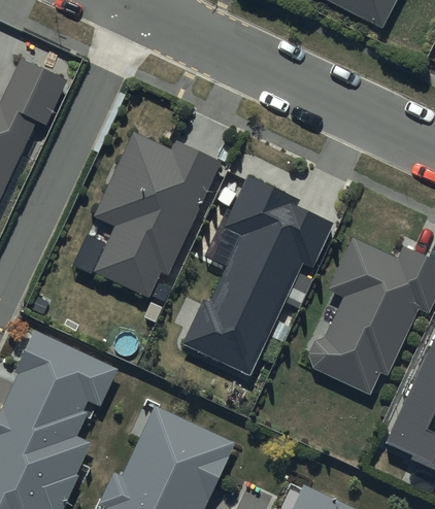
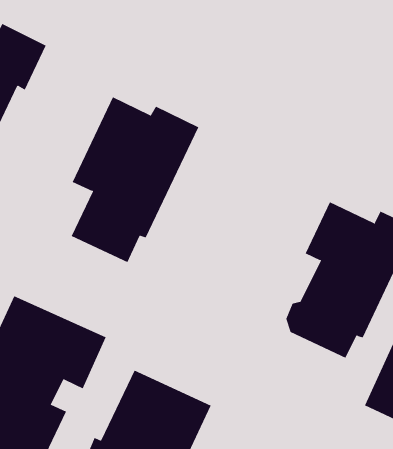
building: [182,176,333,375] -> none

